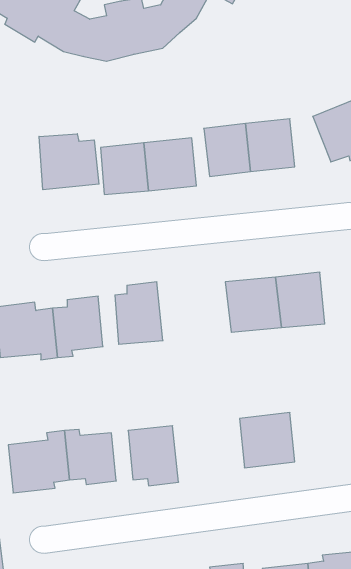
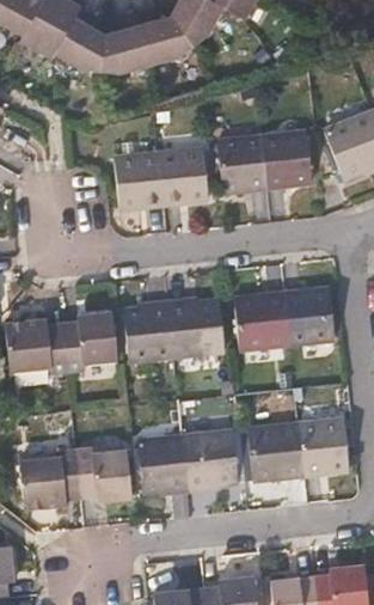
building: [39,134,99,190] -> none
building: none -> [168,293,225,354]
building: none -> [301,421,350,475]
building: none -> [184,434,238,495]

